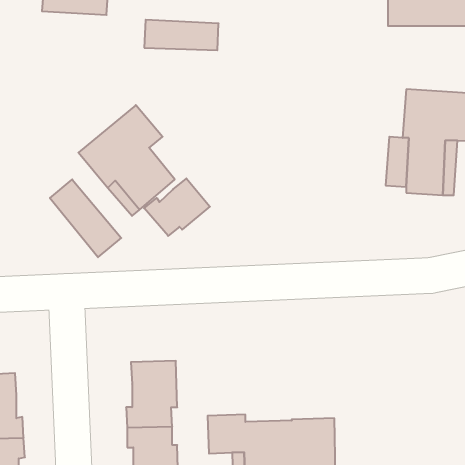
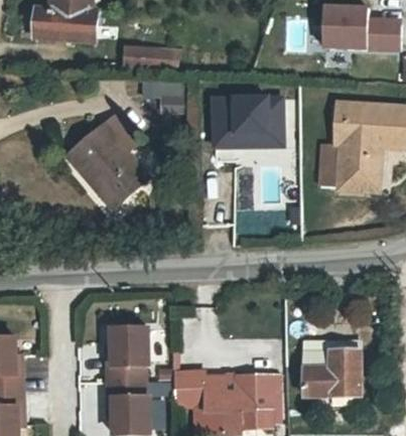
building: none -> [161,80,187,111]
building: none -> [204,90,280,145]
building: [144,178,210,236] -> none
building: [50,179,121,257] -> none
building: none -> [304,340,361,407]

